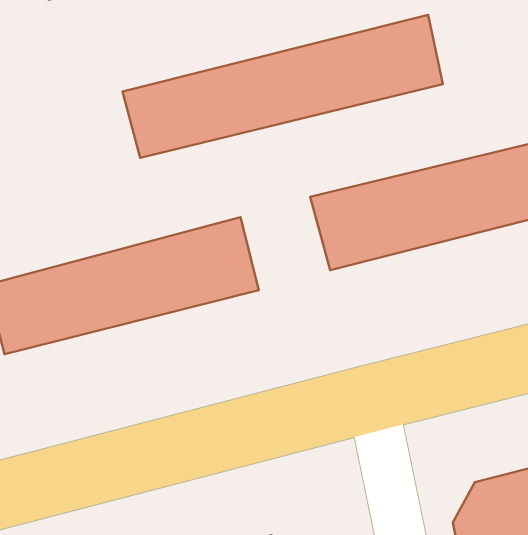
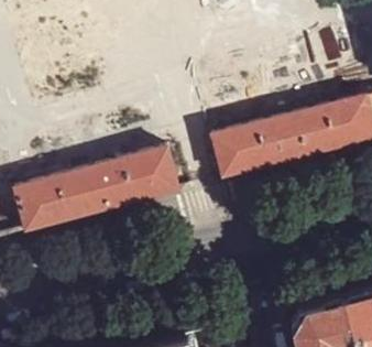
building: [122,15,443,158] -> none

